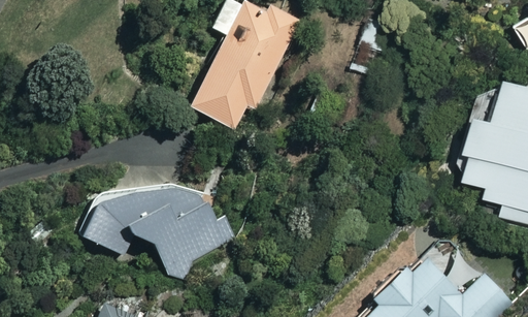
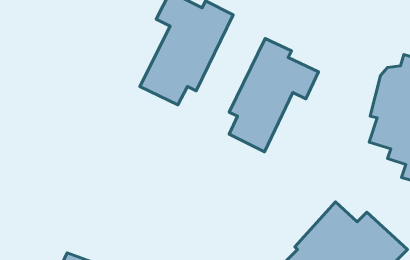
building: none -> [229,38,319,152]
building: [81,189,237,284] -> none

